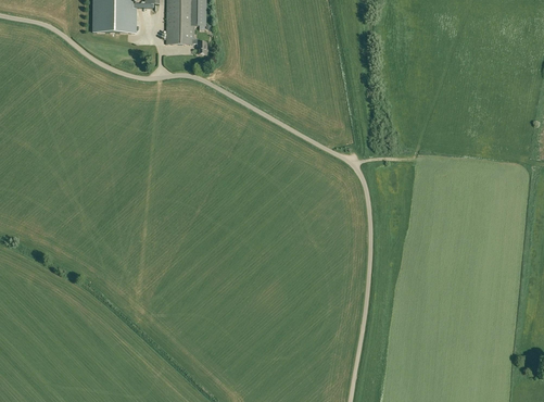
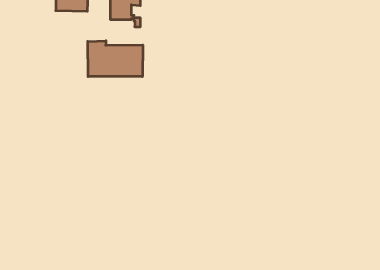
building: none -> [88,41,143,77]

